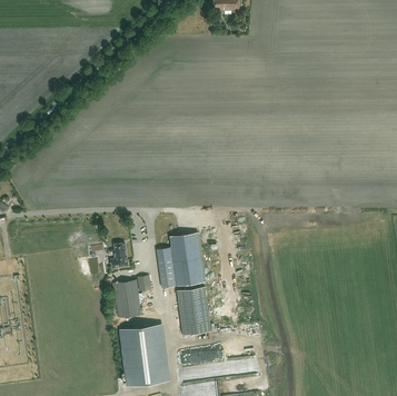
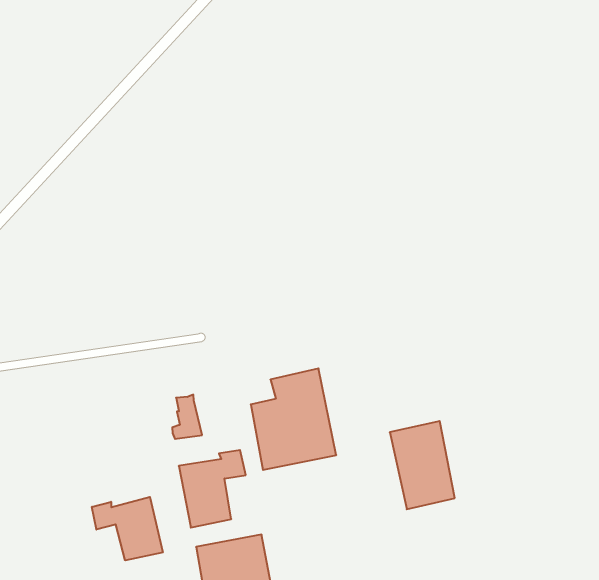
building: [177,286,211,335] -> [390,421,455,509]
building: none -> [92,497,163,560]

